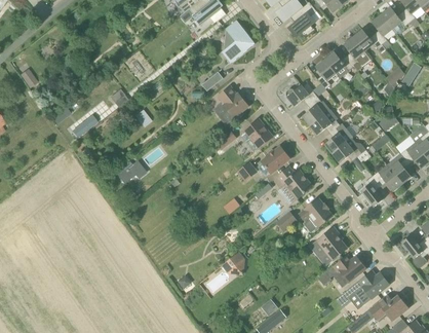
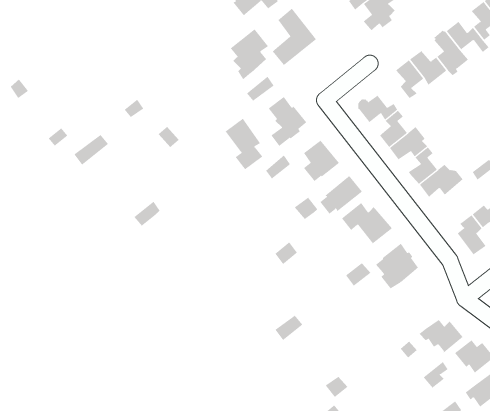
building: none -> [225,28,269,80]
building: none -> [225,118,263,170]
building: [315,227,346,259] -> none

